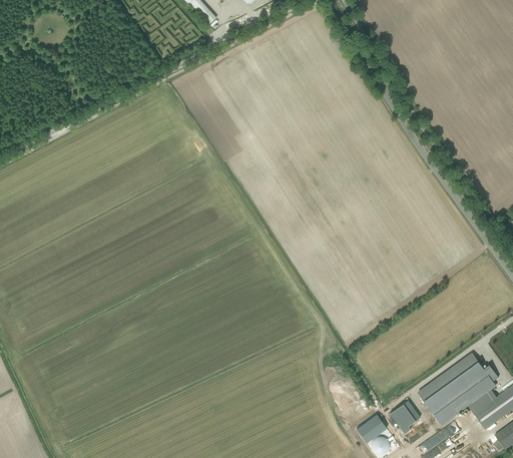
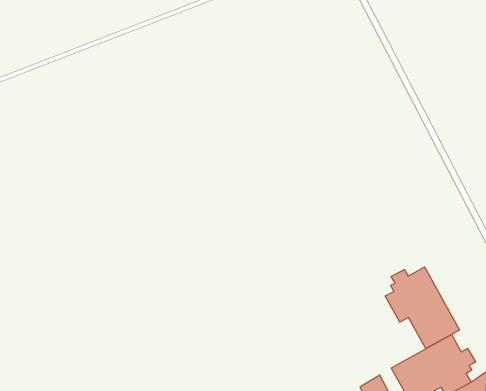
building: none -> [385,267,460,349]

